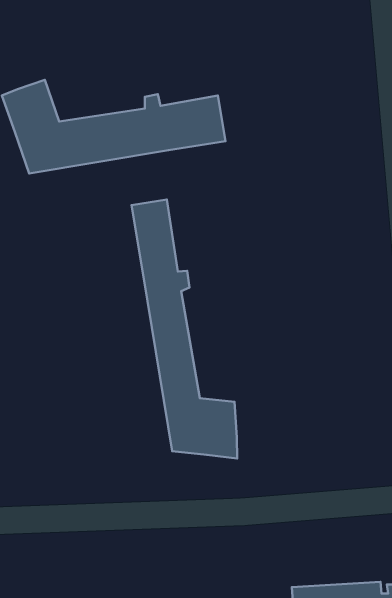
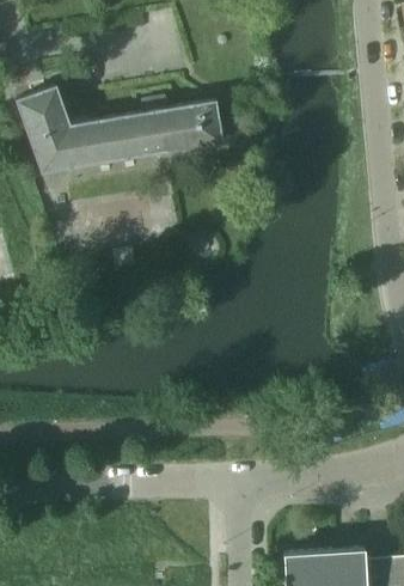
building: [131,200,237,458] -> none

